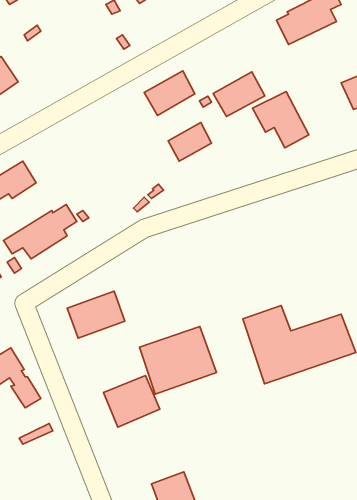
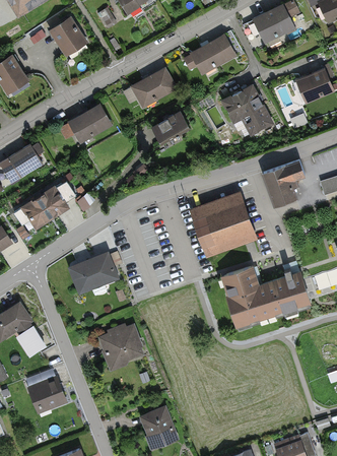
building: none -> [51,18,84,53]
building: [213,72,265,116] -> [191,36,234,73]
building: none -> [69,105,111,142]
building: none -> [260,162,304,211]
building: [140,327,217,394] -> [190,199,255,256]
building: none -> [28,378,66,412]

